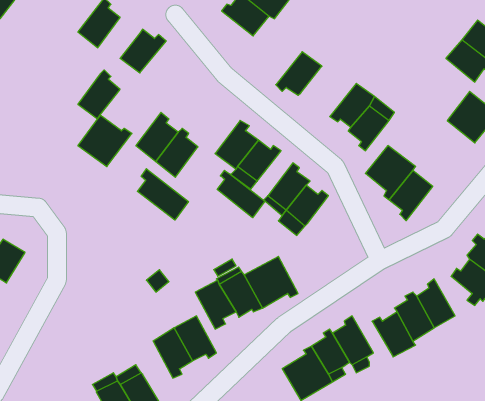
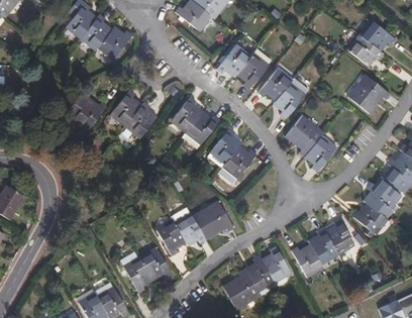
building: none -> [236,55,270,89]
building: [78,70,120,119] -> [81,14,113,51]
building: [137,169,188,220] -> none
building: [217,170,265,218] -> none

